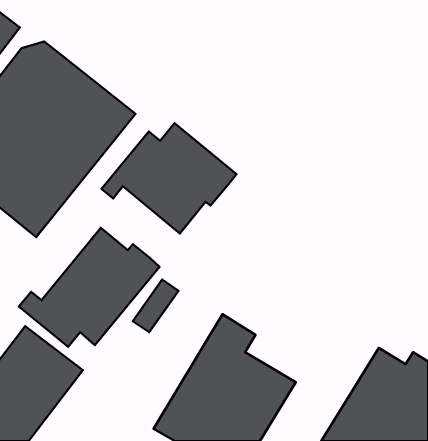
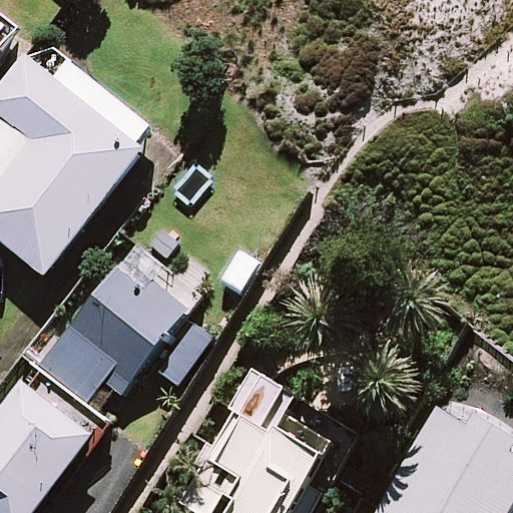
building: [101,123,236,233] -> none

